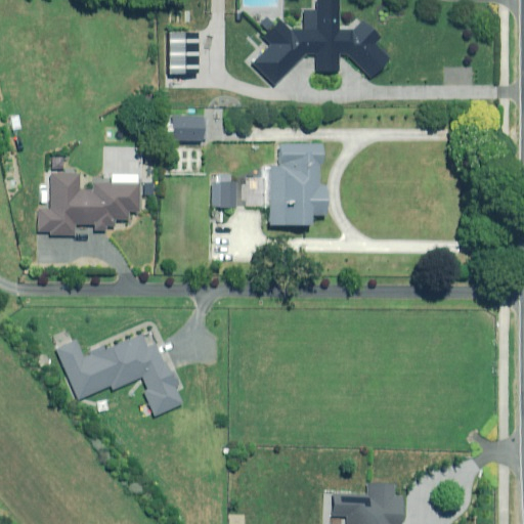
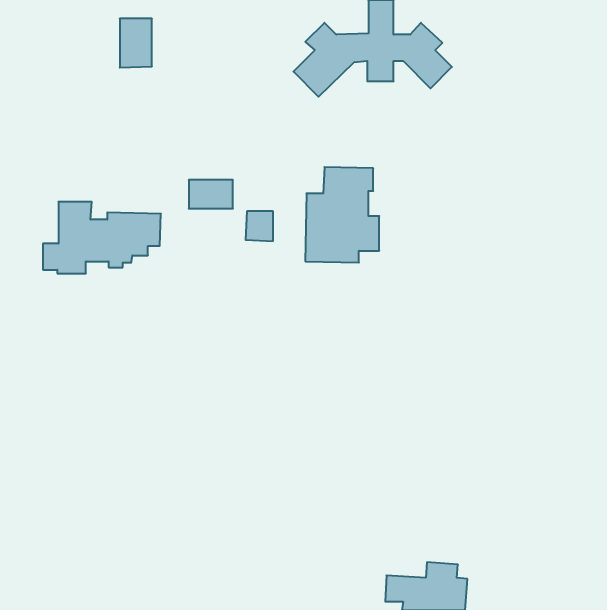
building: [170,31,198,73] -> [120,19,152,68]
building: [172,116,210,140] -> [189,180,233,209]
building: [57,334,182,414] -> none

